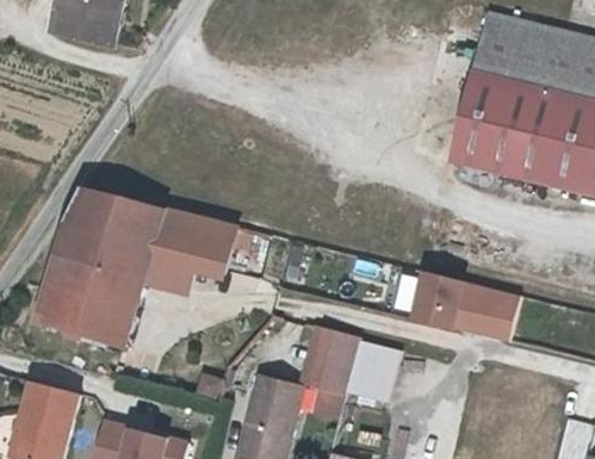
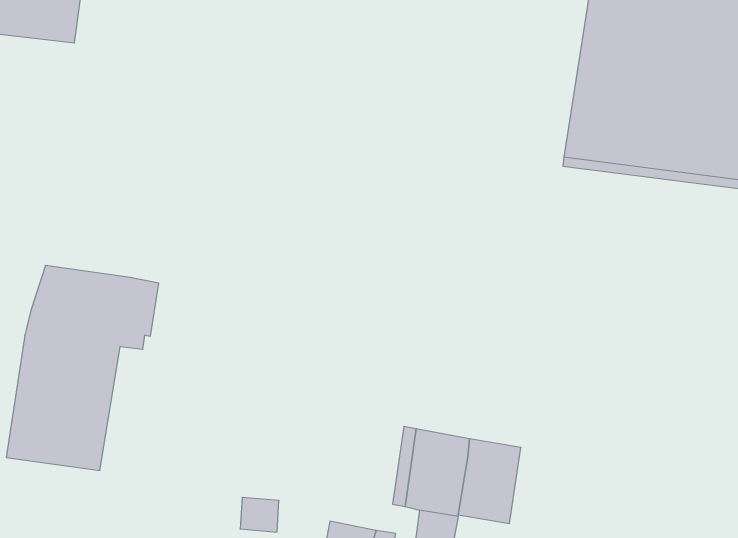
building: [104,216,231,343] -> none
building: [417,269,525,336] -> none

